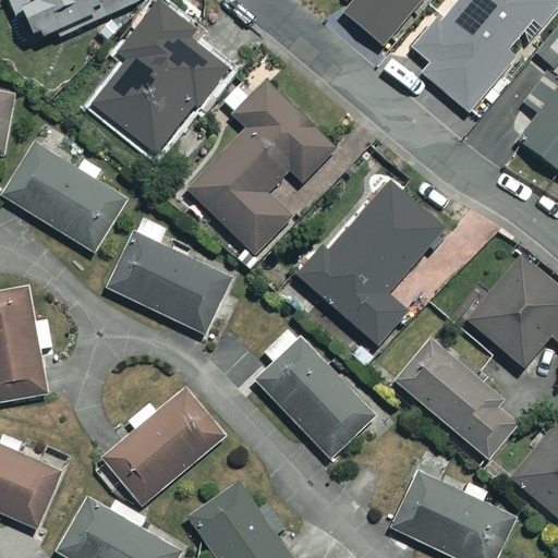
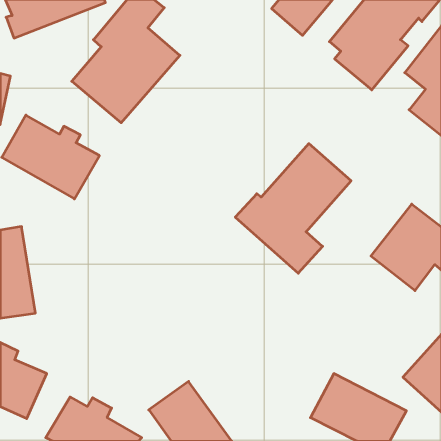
building: [190,69,333,253] -> none
building: [109,216,229,333] -> none
building: [256,327,376,458] -> none
building: [398,343,521,457] -> none
building: [104,390,225,504] -> none

